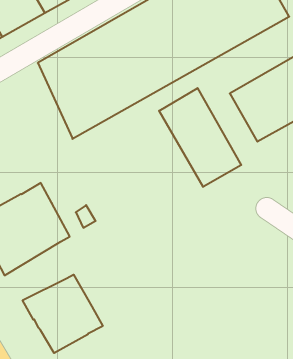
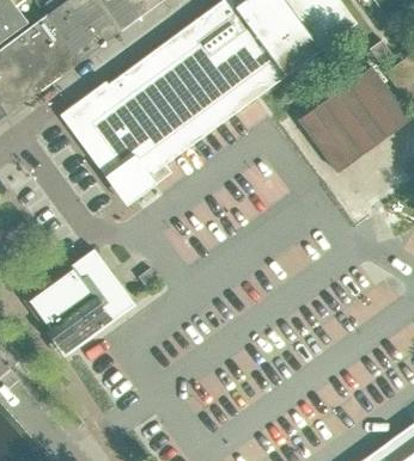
building: [159,88,241,187] -> none
building: [23,275,103,353] -> none

